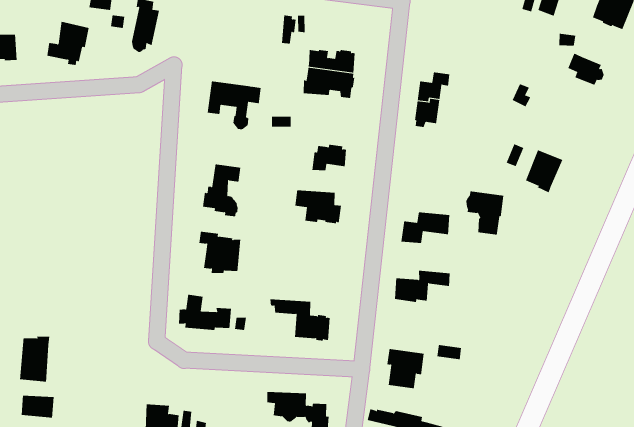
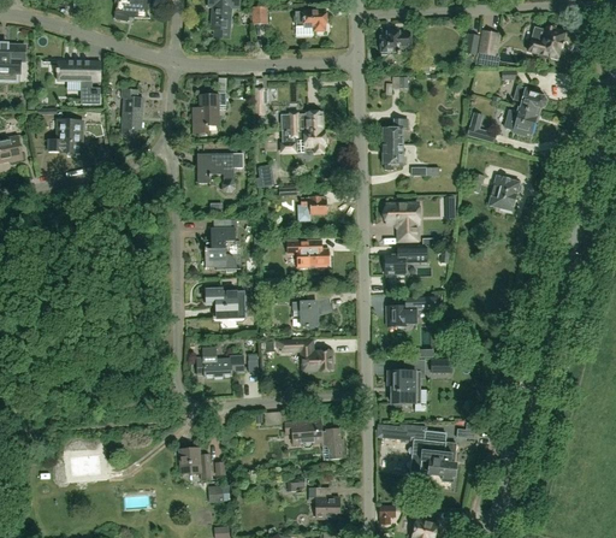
building: none -> [192,91,226,134]
building: none -> [503,106,539,136]
building: [466,191,504,235] -> [384,205,417,241]
building: none -> [292,292,330,326]
building: [20,336,50,382] -> none

